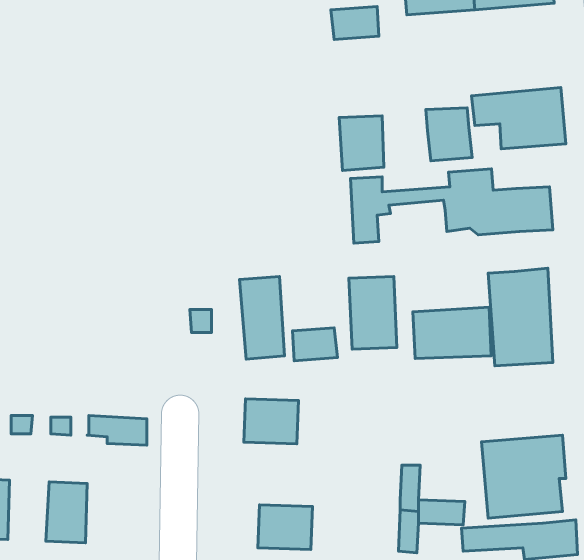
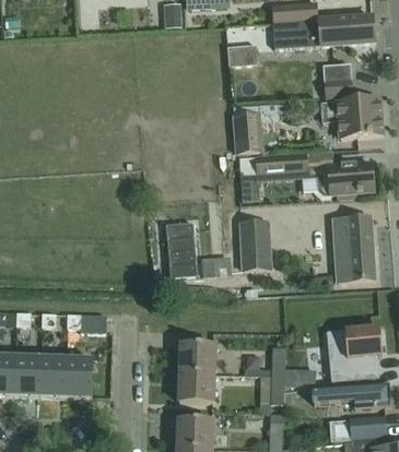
building: [426,108,472,161] -> [321,62,352,97]
building: [413,307,491,358] -> none
building: [244,399,299,444] -> [179,343,215,372]
building: none -> [13,355,40,395]
building: none -> [64,357,92,396]

